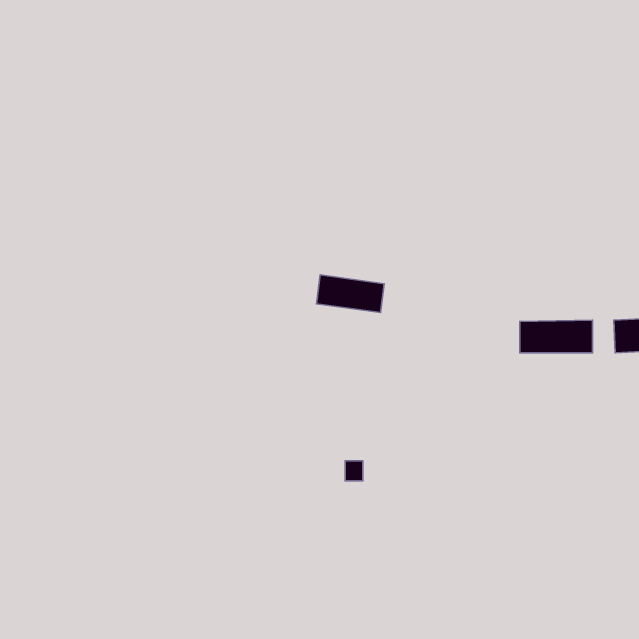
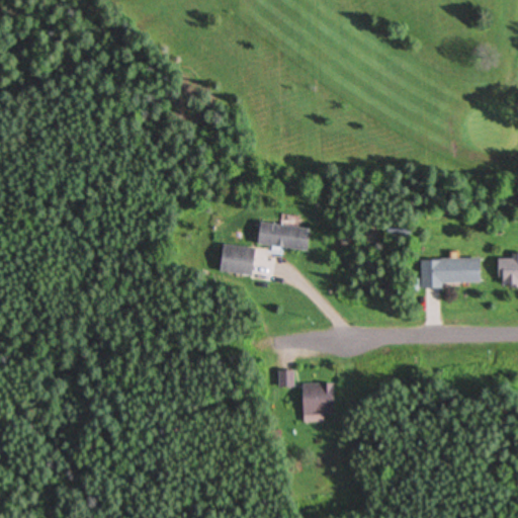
building: none -> [221,245,255,275]
building: none -> [301,383,335,413]

